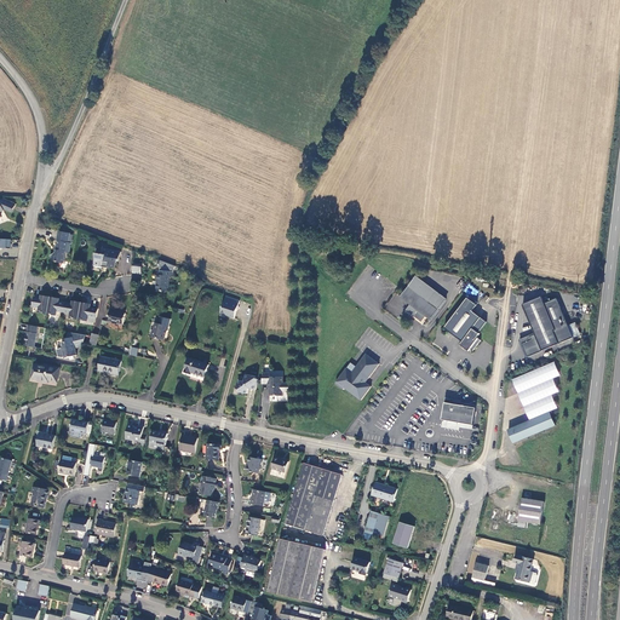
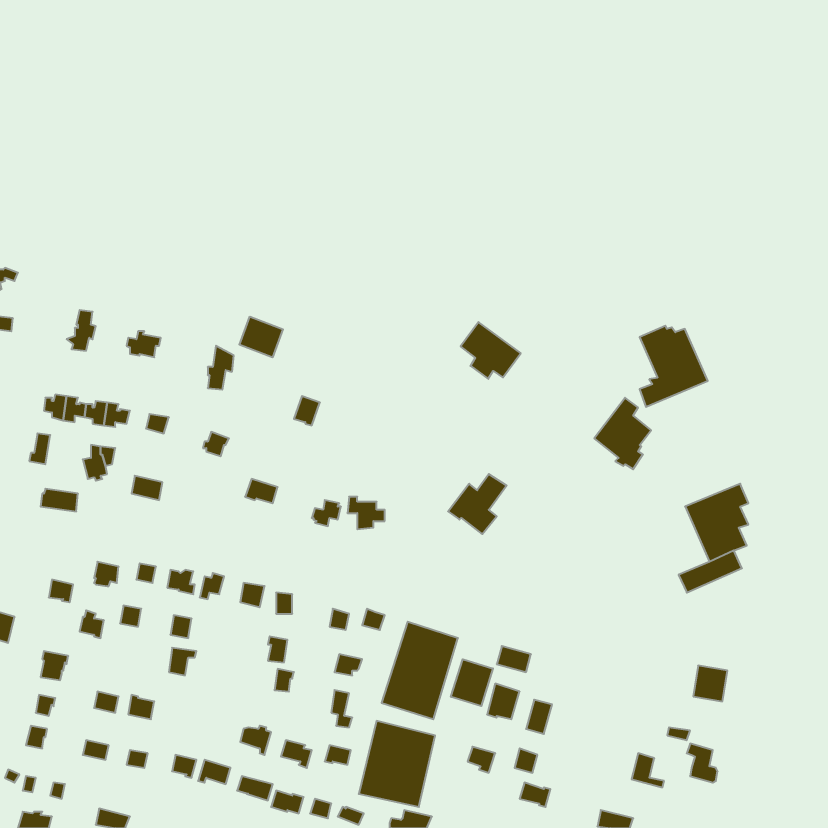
building: none -> [239,317,283,357]
building: [400,277,444,320] -> [461,322,521,379]
building: [519,293,570,354] -> [640,326,708,407]
building: [440,397,473,424] -> none
building: none -> [451,659,493,706]

